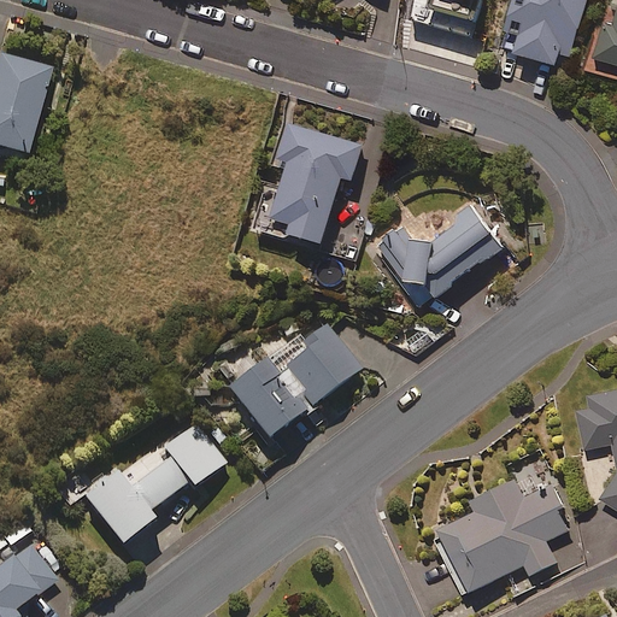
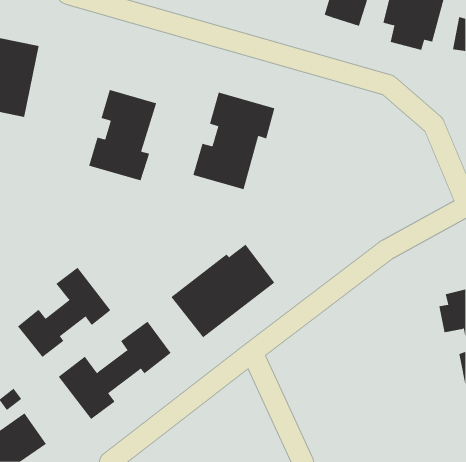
building: none -> [89,89,157,181]
building: [376,205,501,301] -> none
building: none -> [17,267,111,358]
building: [430,465,565,583] -> none

